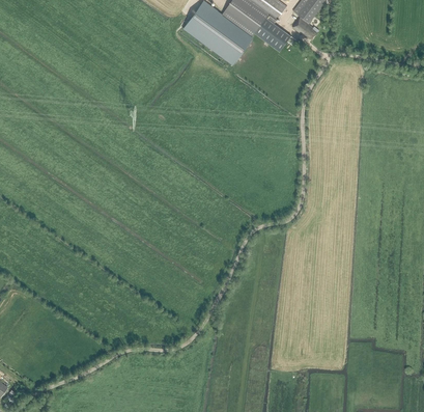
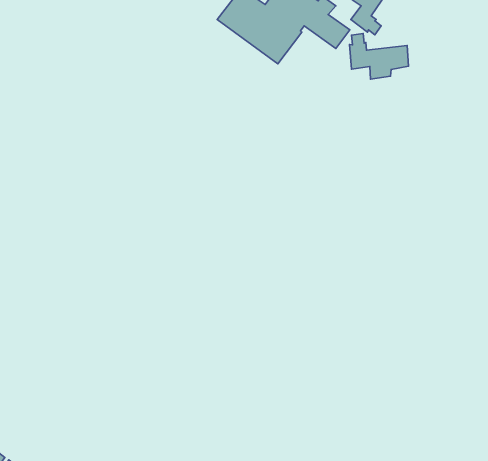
building: none -> [349,34,408,79]

